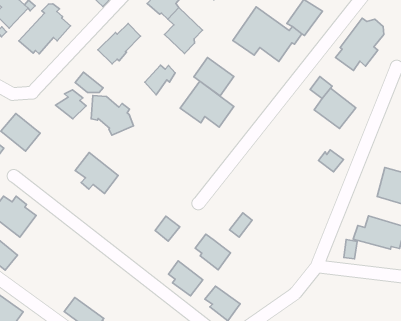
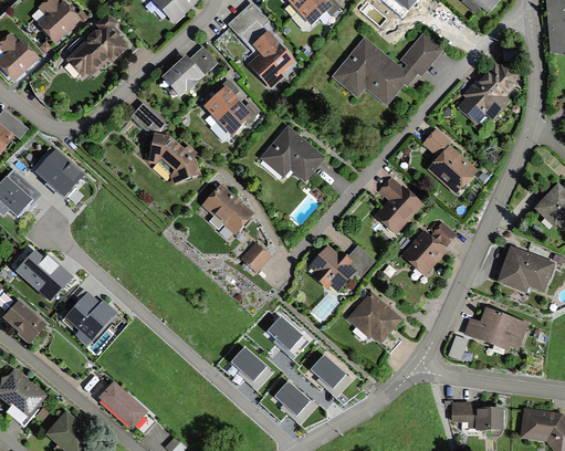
building: none -> [203,85,239,120]
building: [194,57,234,96] -> none
building: [55,90,86,119] -> none
building: none -> [373,174,425,234]
building: [75,153,118,193] -> [201,183,254,235]
building: none -> [401,230,447,275]
building: none -> [308,243,377,291]
building: none -> [345,293,400,349]
building: [155,216,180,241] -> [240,241,271,272]
building: none -> [62,291,124,346]
building: none -> [310,352,353,396]
building: none -> [450,400,503,429]

